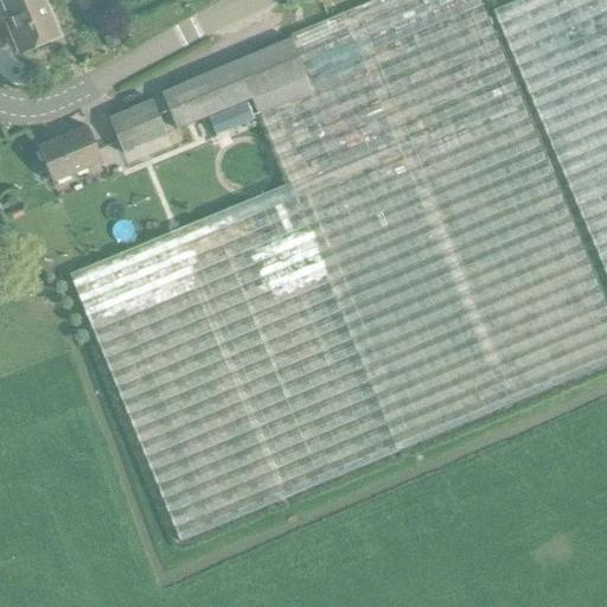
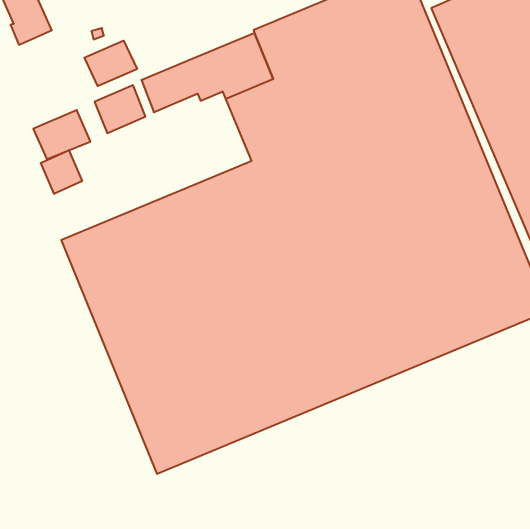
building: none -> [84,41,137,86]
building: none -> [41,150,82,194]

